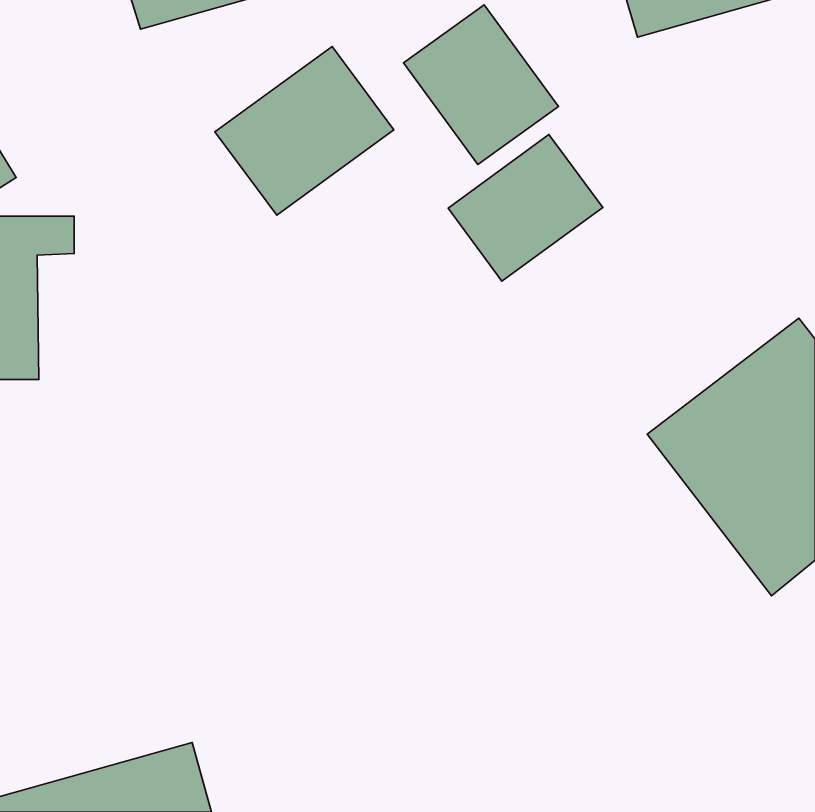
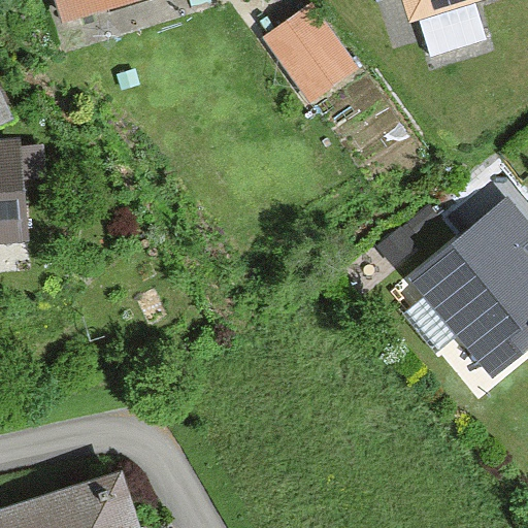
building: [215,46,394,215] -> none
building: [448,135,603,281] -> none

